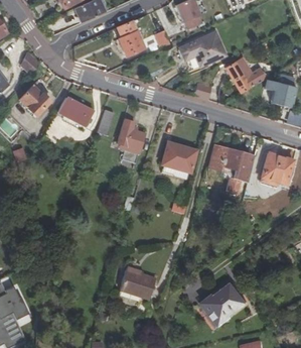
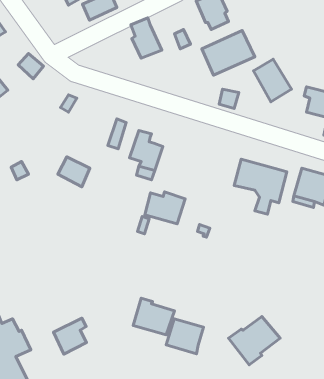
building: [20,85,51,117] -> none
building: [64,100,93,126] -> [58,157,90,187]
building: [162,144,197,172] -> [145,192,185,224]
building: none -> [53,318,87,354]
building: none -> [166,319,204,354]

